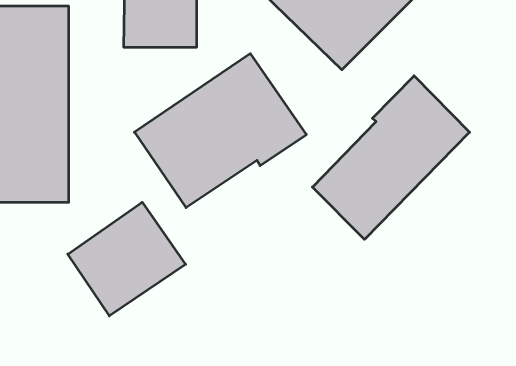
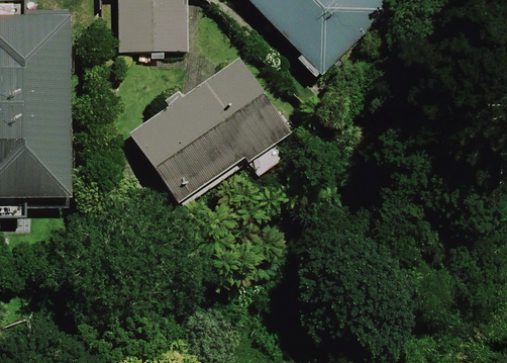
building: [312,76,470,239] -> none
building: [68,202,186,316] -> none

